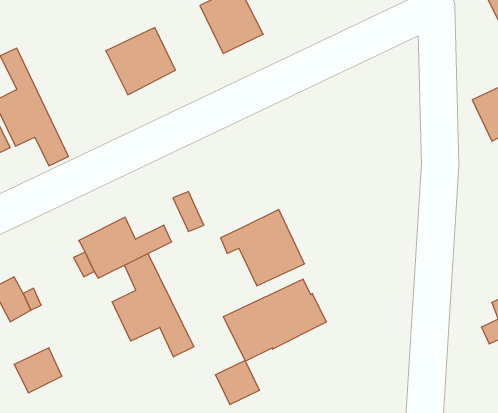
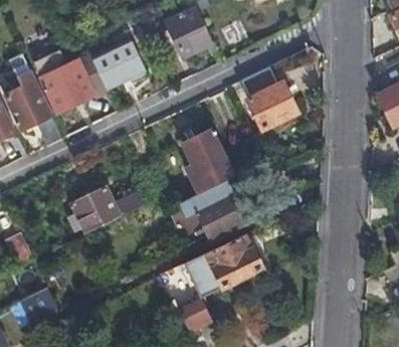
building: none -> [41,53,109,113]
building: none -> [241,66,298,131]
building: none -> [181,128,234,193]
building: [112,253,194,357] -> none

